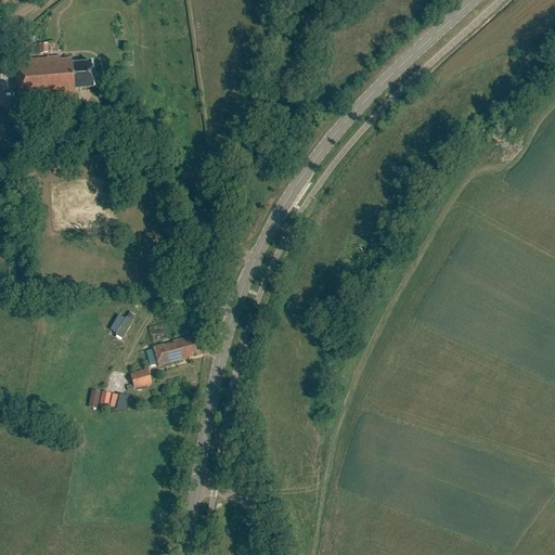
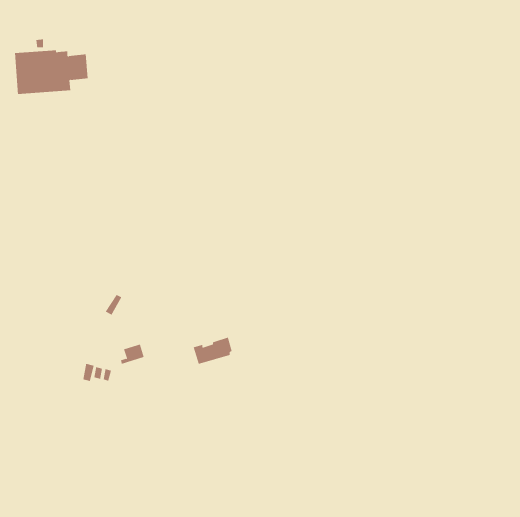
building: [154,334,196,363] -> [193,337,233,364]

